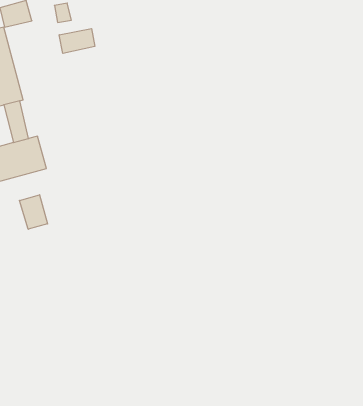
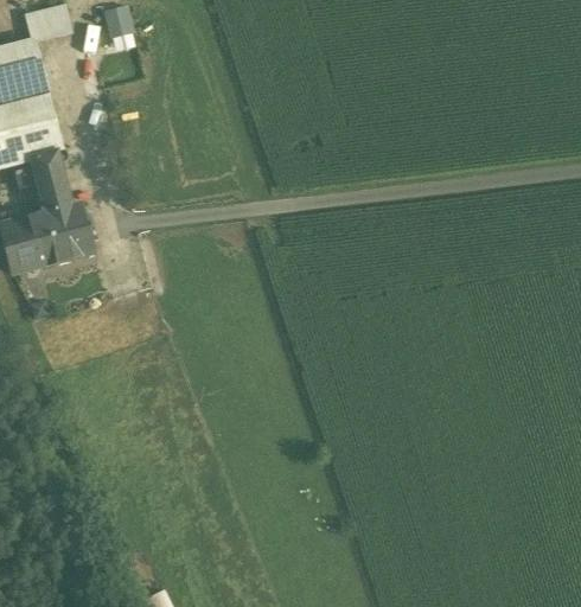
building: [59,29,95,53] -> none
building: [19,195,48,229] -> none

